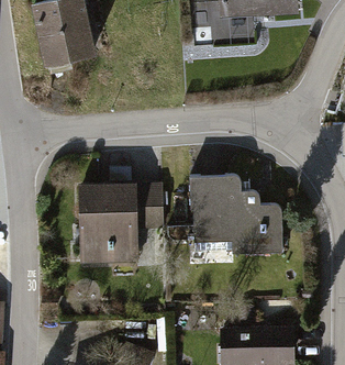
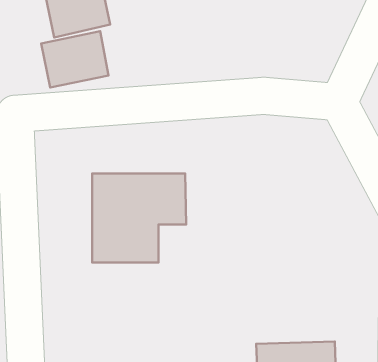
building: none -> [41,31,109,88]
building: [190,177,279,251] -> none

